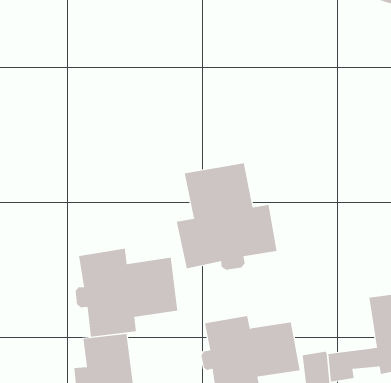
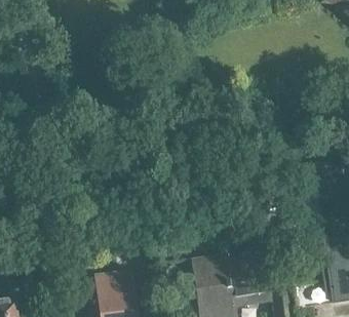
building: [176,163,277,270] -> none
building: [75,248,178,338] -> none

